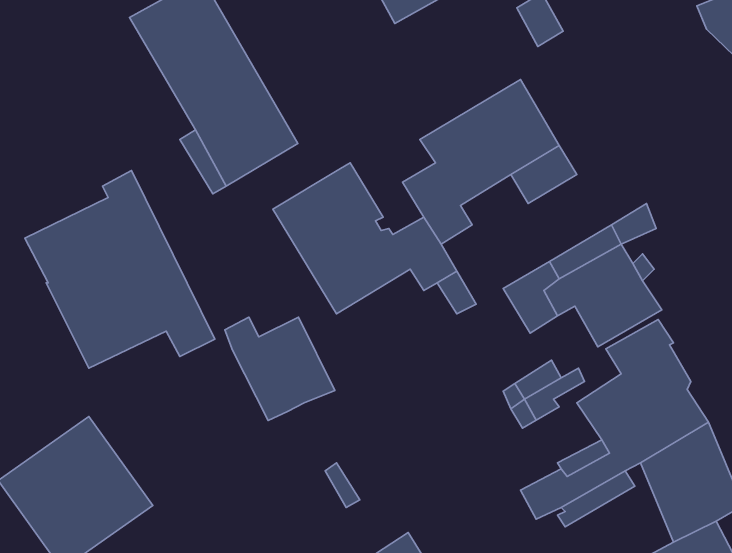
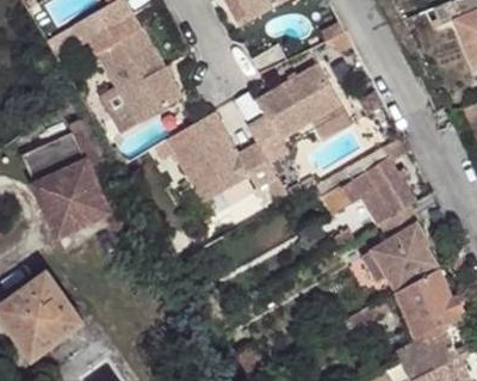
building: [225,317,335,421] -> none

